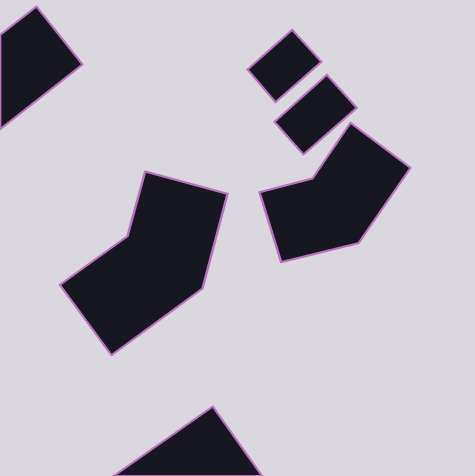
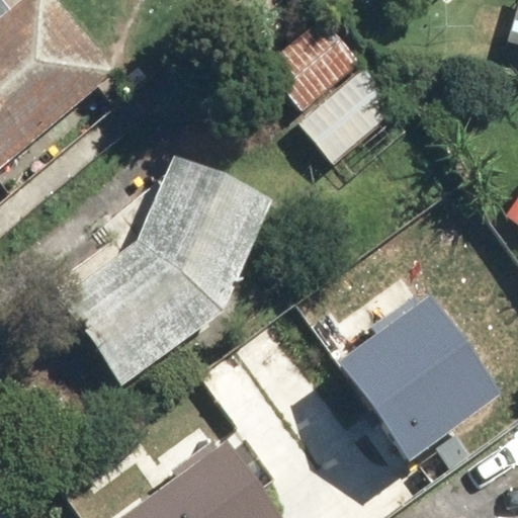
building: [260,123,410,262] -> none
building: none -> [339,295,495,451]

